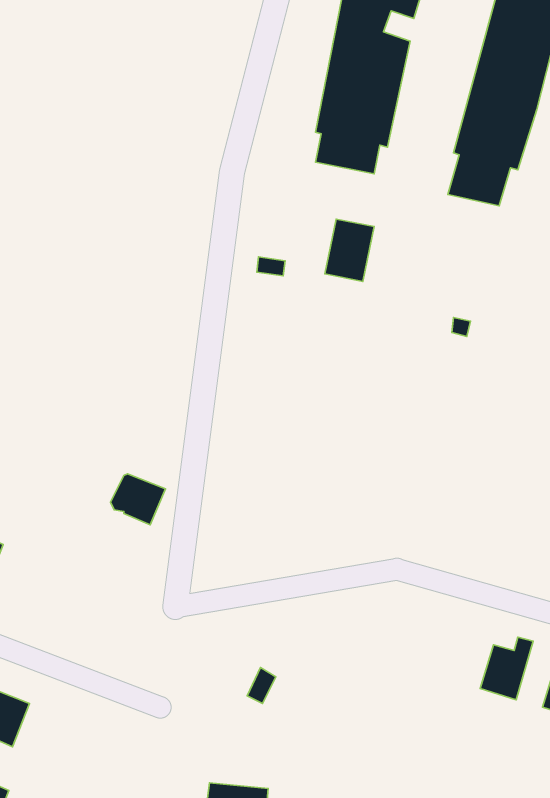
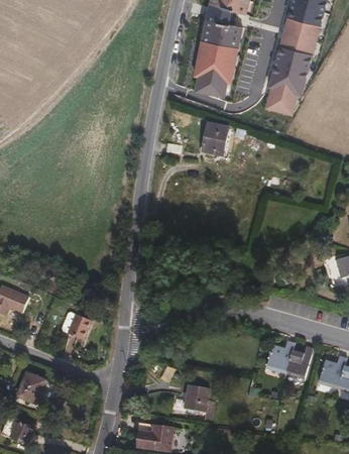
building: [111,474,165,525] -> [61,311,90,338]
building: none -> [265,340,293,372]
building: none -> [184,384,212,413]

